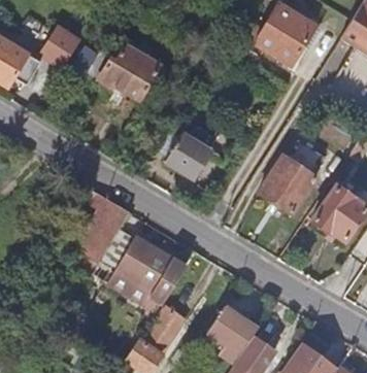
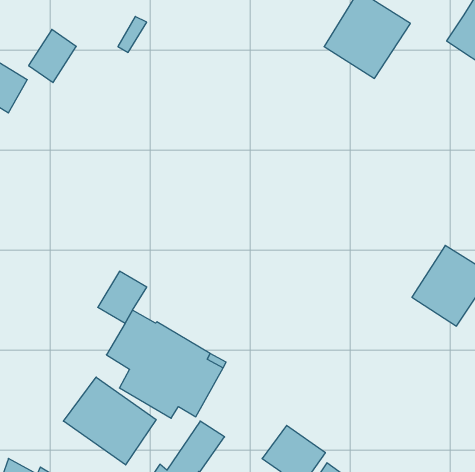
building: [88,43,160,97] -> none
building: [162,132,207,176] -> none
building: [258,154,314,211] -> none
building: none -> [63,377,156,465]

